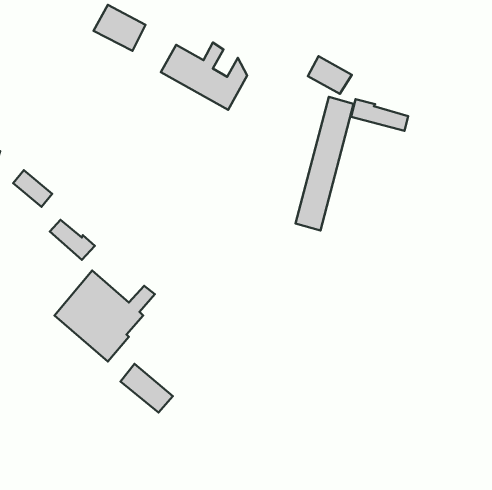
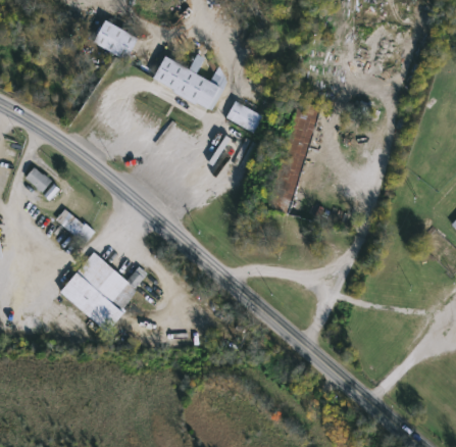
building: [308,56,352,94] -> [225,102,263,135]
building: [351,99,408,131] -> none
building: [121,364,173,413] -> none

